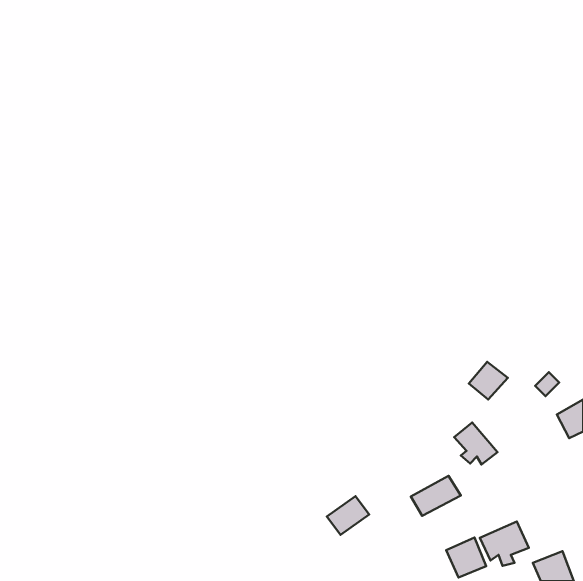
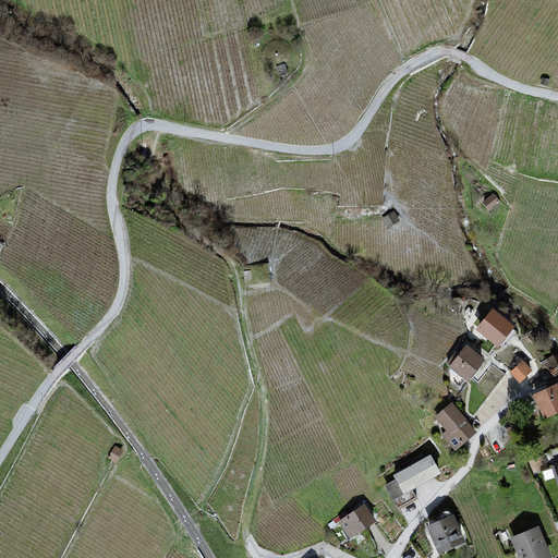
building: none -> [474,308,512,348]
building: [327,496,369,535] -> [338,497,378,534]
building: [480,522,529,566] -> none

